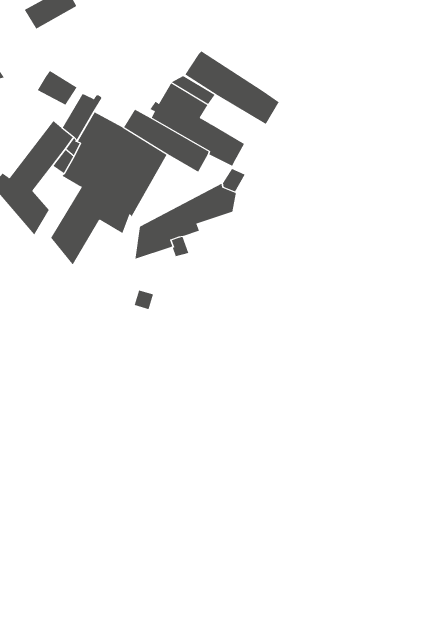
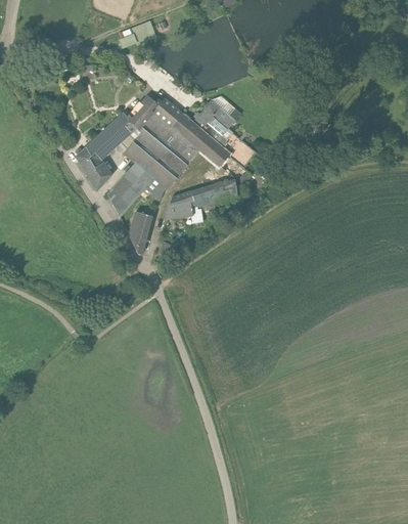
building: [185,51,280,125] -> none
building: [37,70,77,105] -> [153,99,182,126]
building: none -> [129,212,151,255]

